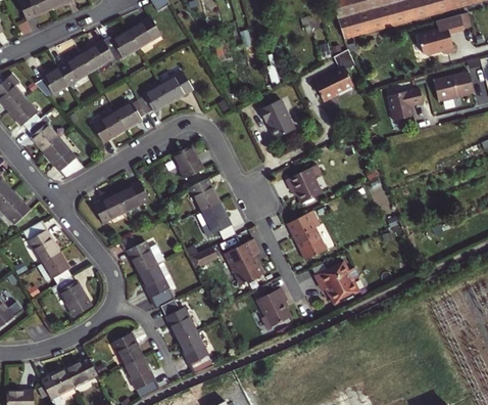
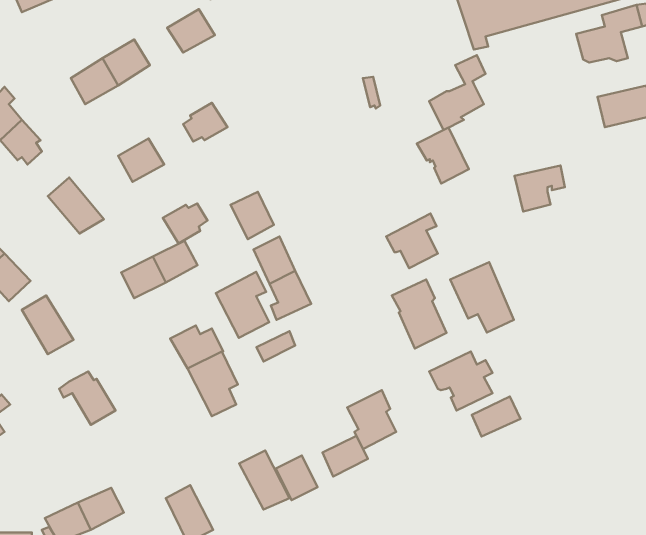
building: [104,31,139,61] -> none
building: [35,66,69,96] -> none
building: [159,71,193,101] -> none
building: [386,88,422,121] -> [514,166,565,212]
building: [114,99,146,128] -> [163,203,207,244]
building: [258,100,295,140] -> [417,128,469,184]
building: [29,114,58,150] -> none
building: none -> [450,262,514,332]
building: [224,239,261,286] -> [216,272,269,338]
building: [38,253,71,282] -> none
building: none -> [472,396,521,437]
building: [167,309,197,341] -> [276,455,318,500]
building: none -> [322,436,368,476]
building: [115,334,144,365] -> none

